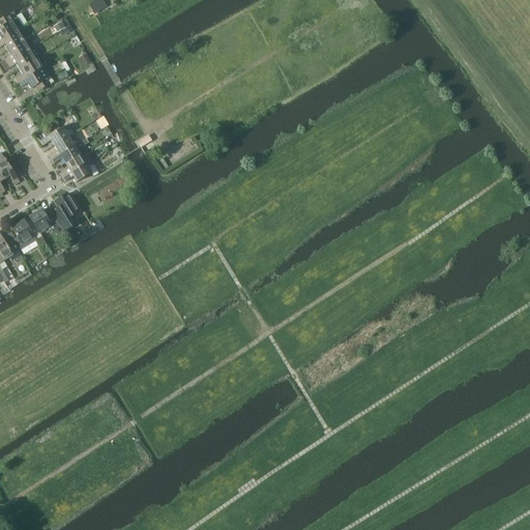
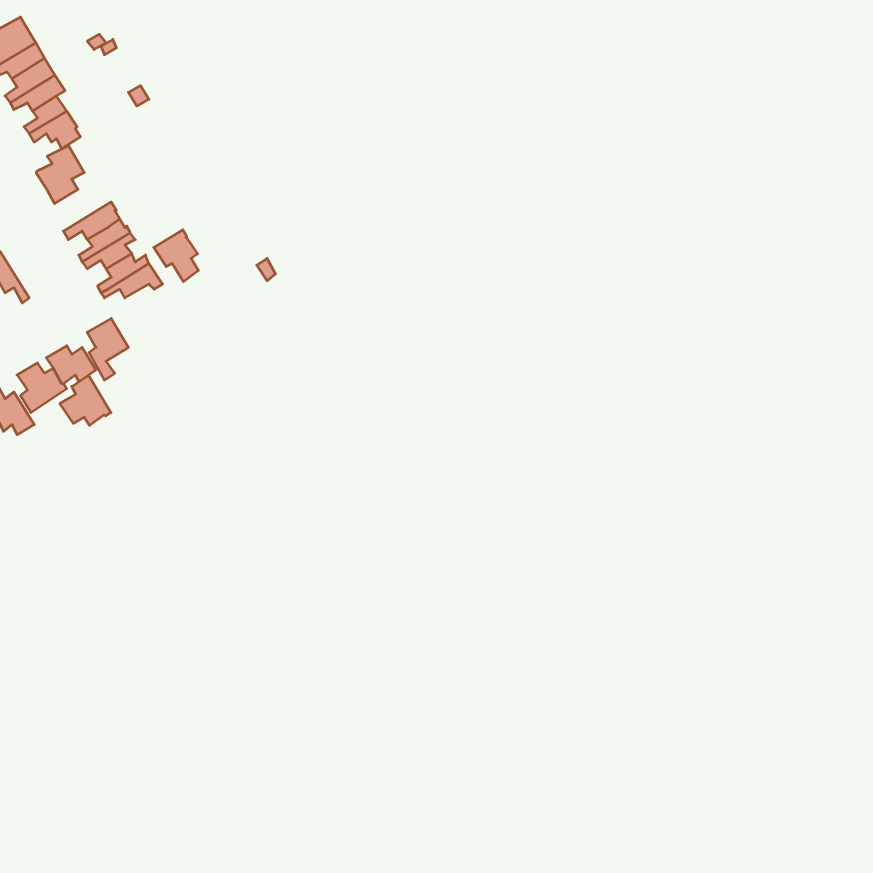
building: none -> [36,145,84,204]
building: none -> [154,230,198,282]
building: none -> [60,375,111,425]

